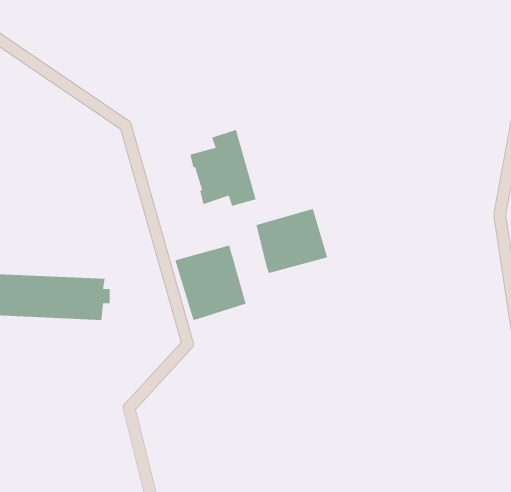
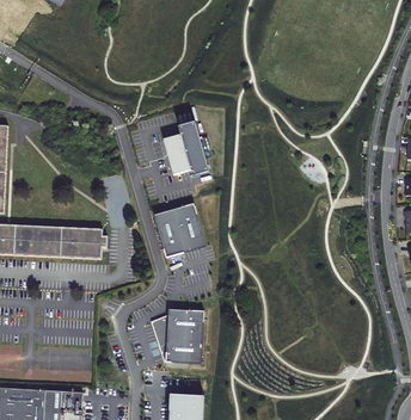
building: [256,208,328,274] -> none
building: none -> [151,311,202,364]

